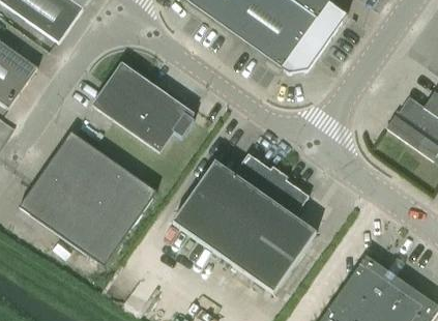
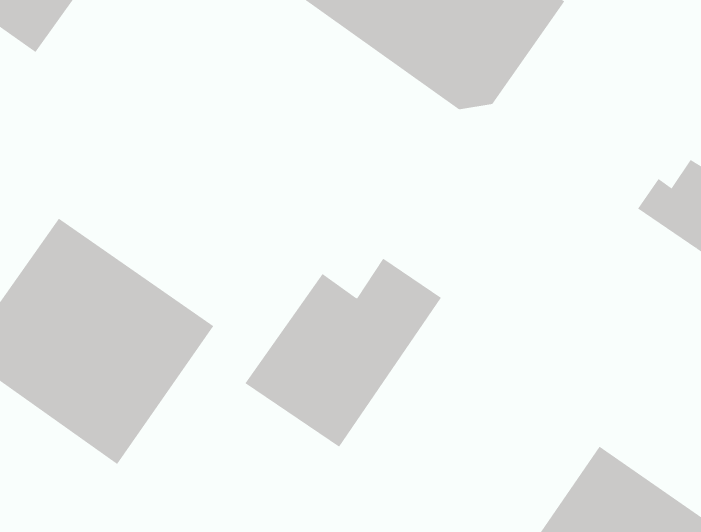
building: [93,65,194,150] -> none
building: [224,175,316,292] -> none

